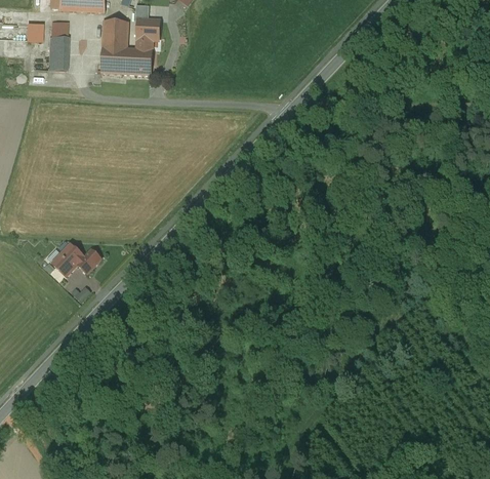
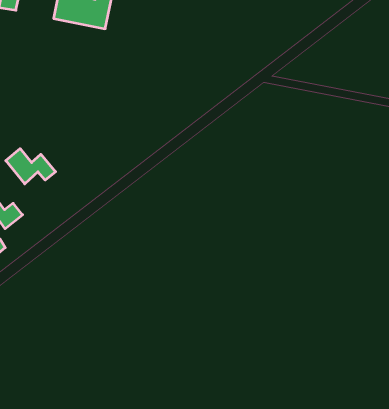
building: none -> [6,149,56,184]

